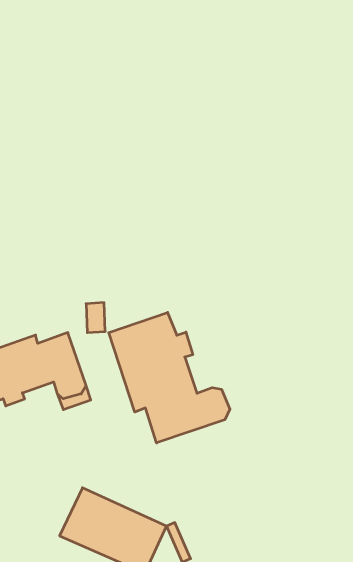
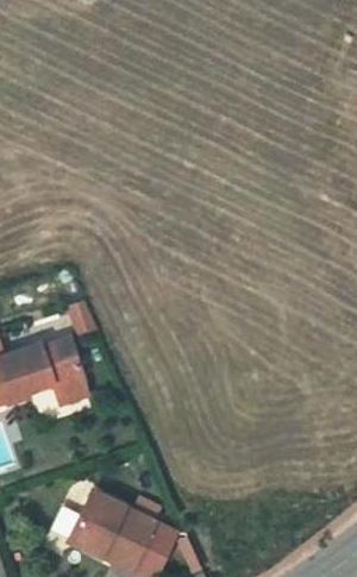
building: [109,312,230,443] -> none

